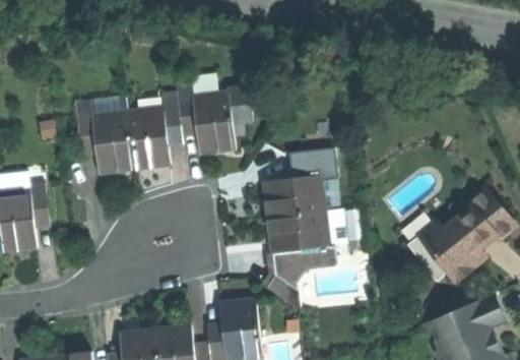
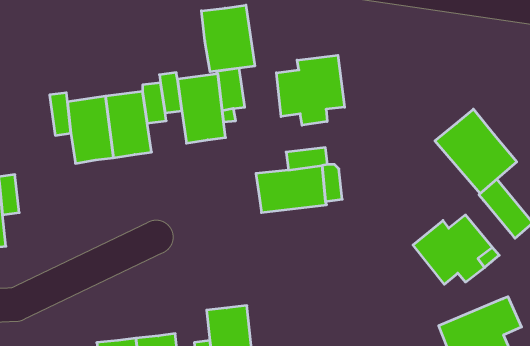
building: none -> [201,5,255,72]
building: none -> [276,55,345,125]
building: none -> [435,109,517,193]
building: [265,209,339,309] -> none

